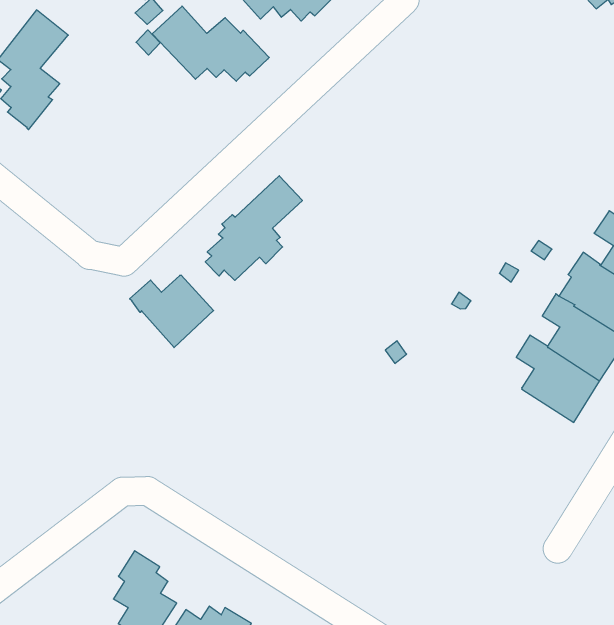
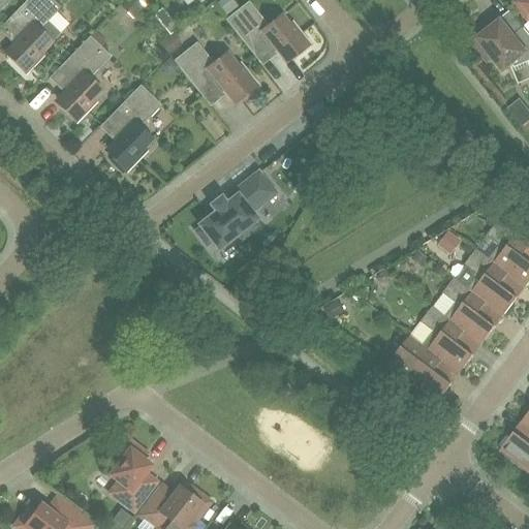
building: none -> [108,85,161,172]
building: [130,275,214,348] -> none
building: none -> [388,335,460,402]

